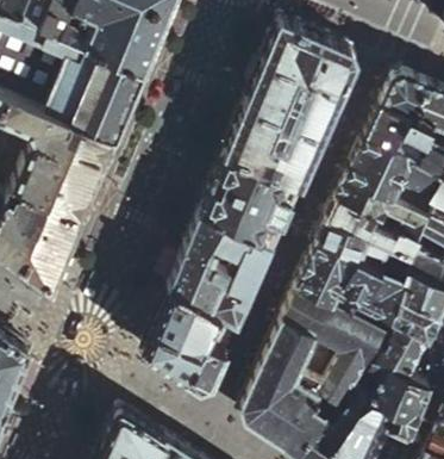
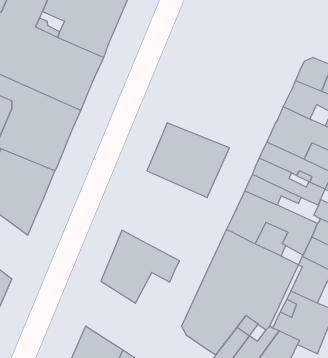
building: [224,24,357,190] -> none
building: [168,218,274,330] -> none
building: [185,345,227,393] -> none

